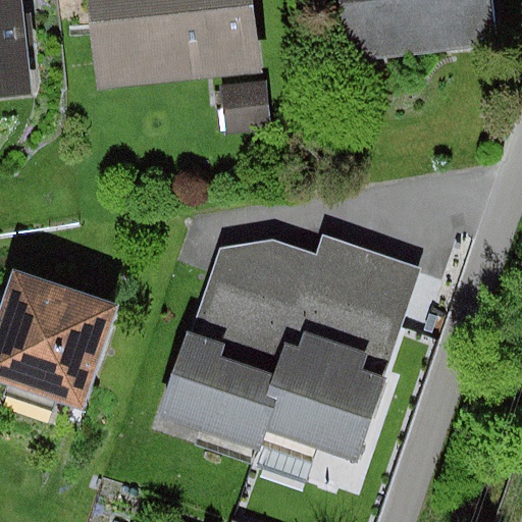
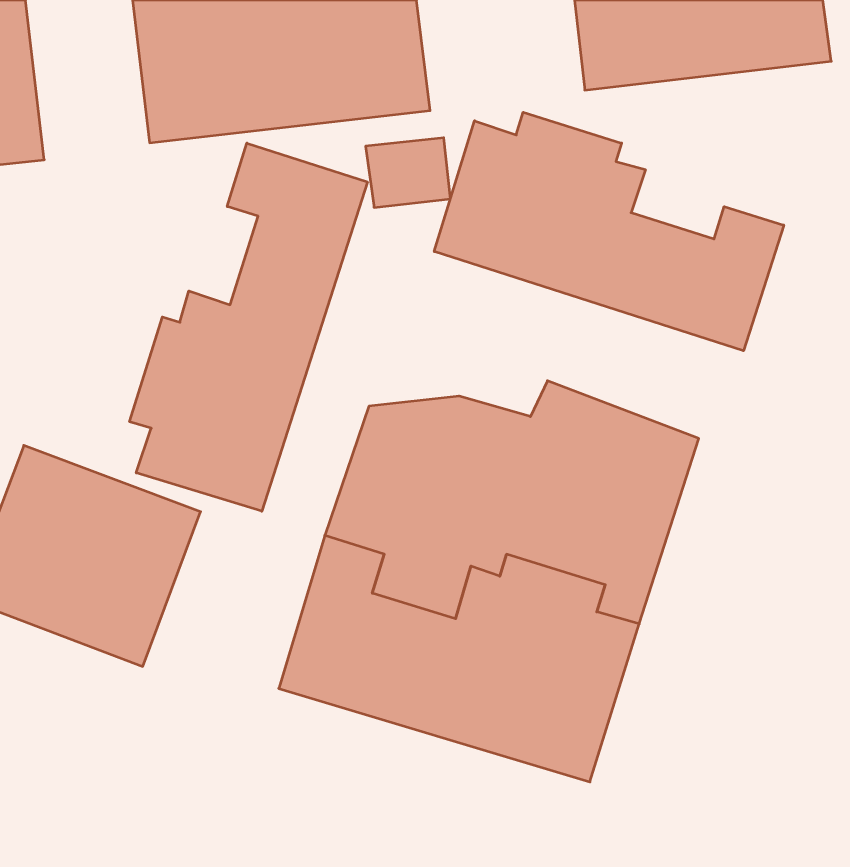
building: none -> [434,112,784,351]
building: none -> [130,143,367,511]

